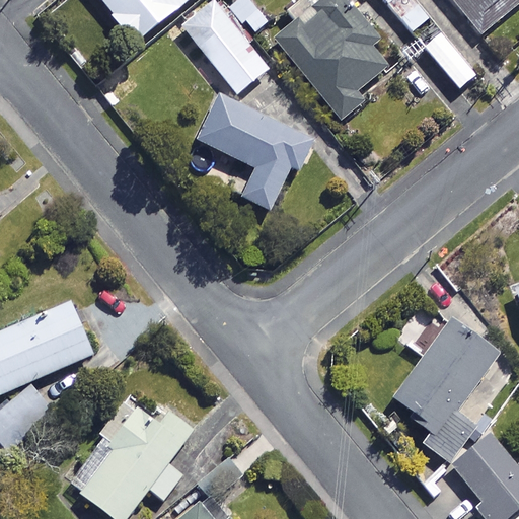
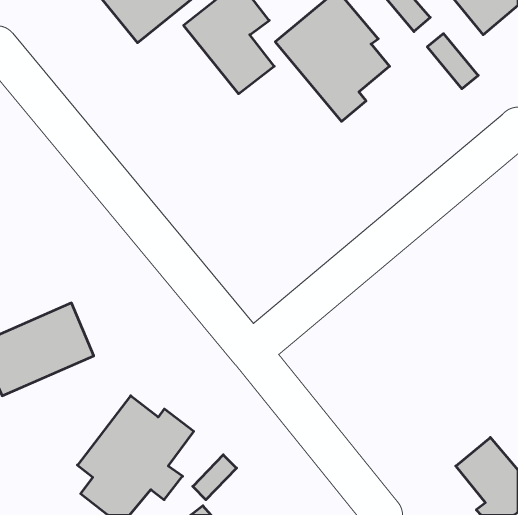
building: [198,95,314,209] -> none
building: [396,320,498,460] -> none

